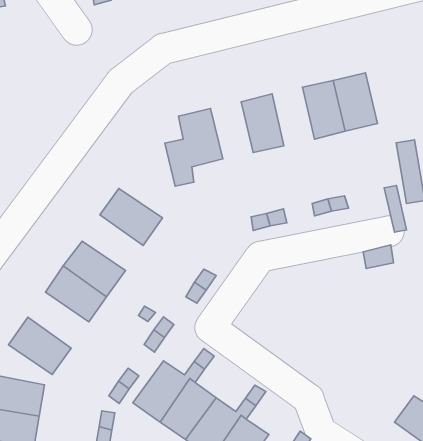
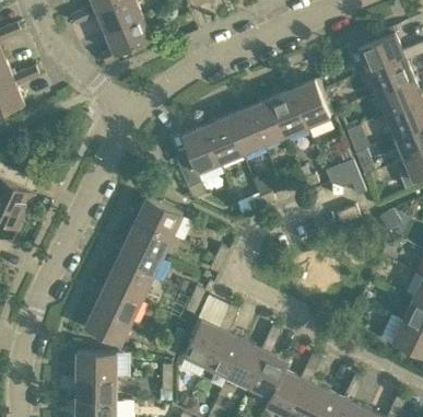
building: none -> [247,100,284,146]
building: none -> [203,118,240,163]
building: none -> [125,220,171,258]
building: none -> [94,285,140,323]

